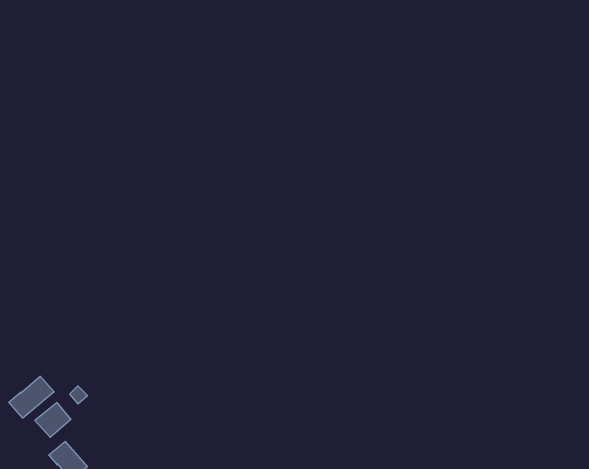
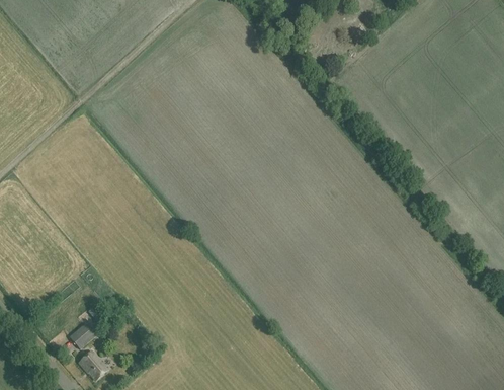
building: [9,376,54,418] -> none

